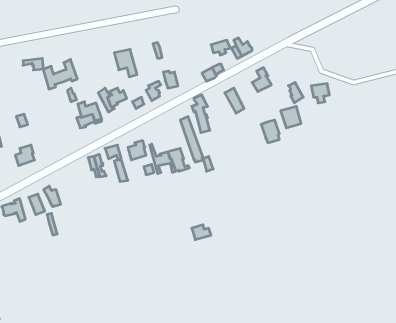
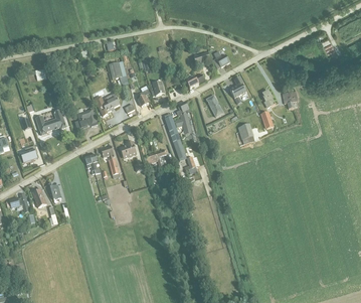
building: [43,59,77,89] -> [35,109,65,135]

